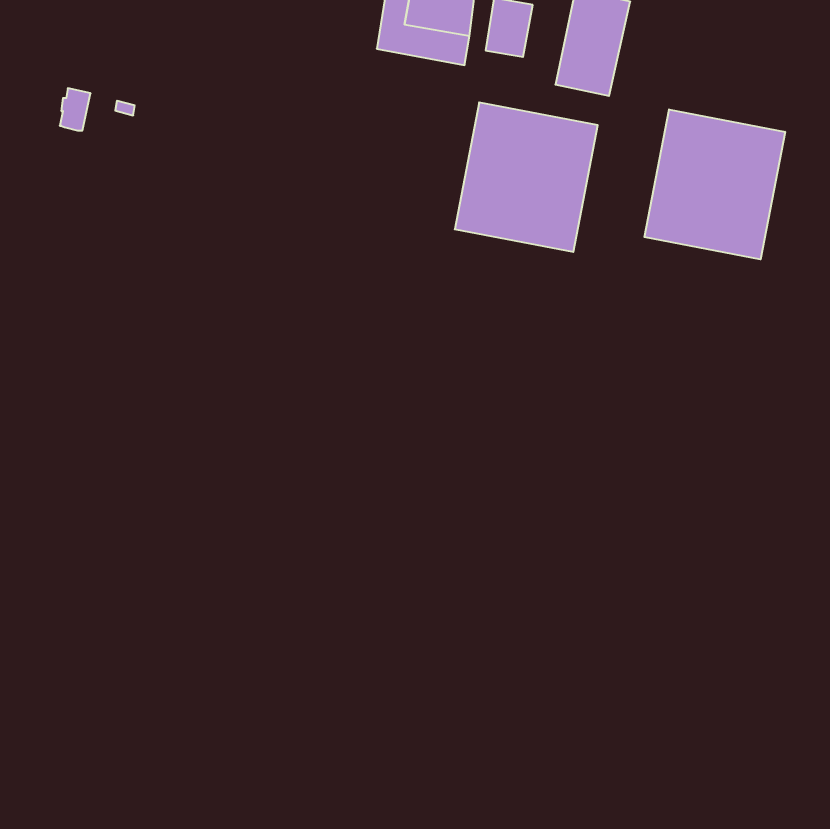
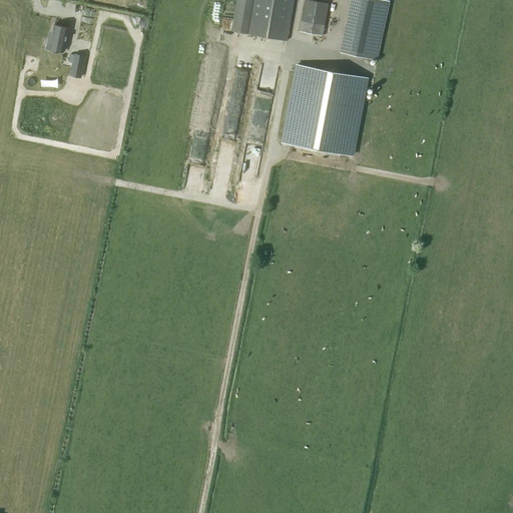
building: [60,88,91,131] -> [49,25,68,51]
building: [644,109,785,259] -> none

